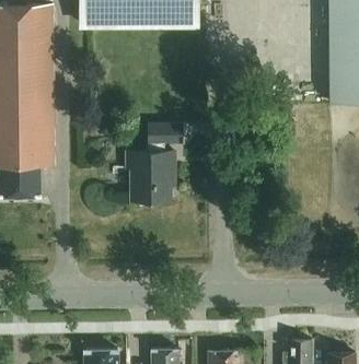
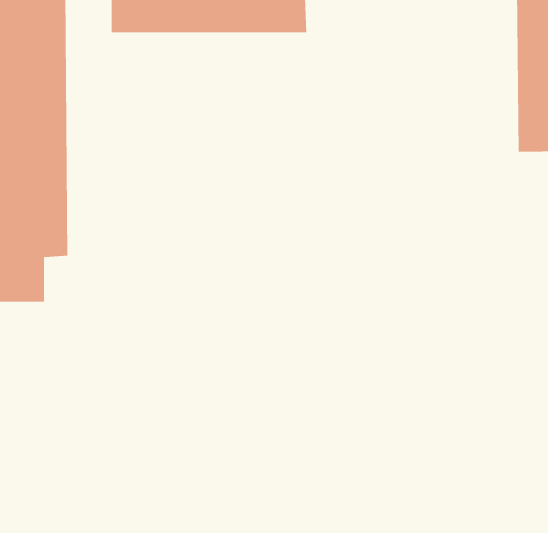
building: [127,124,183,199] -> none

